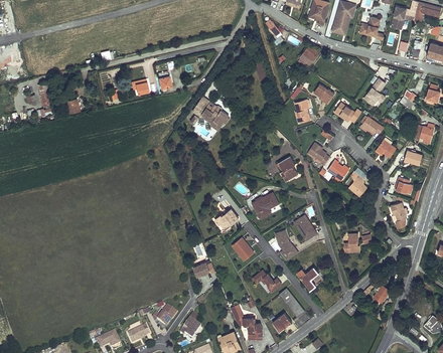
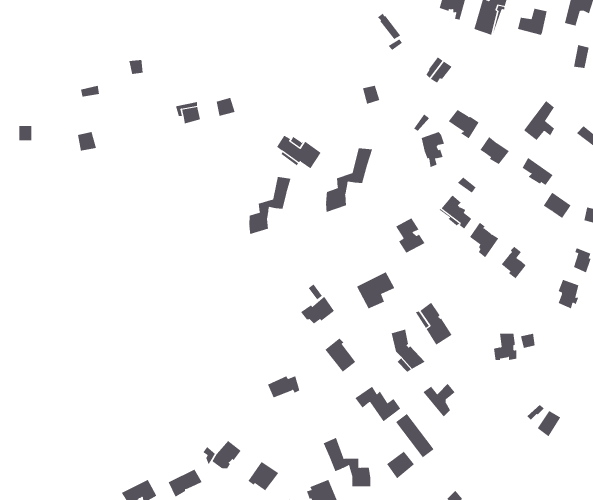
building: none -> [326,147,373,213]
building: none -> [249,176,291,235]

